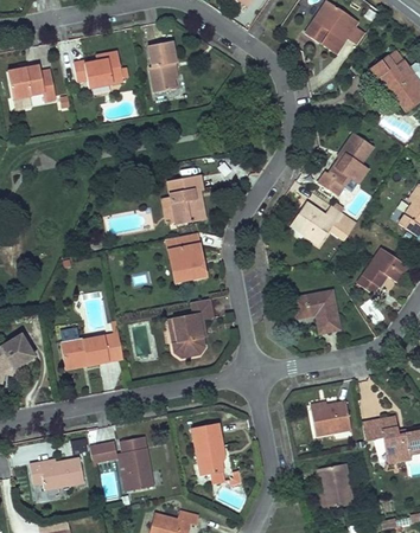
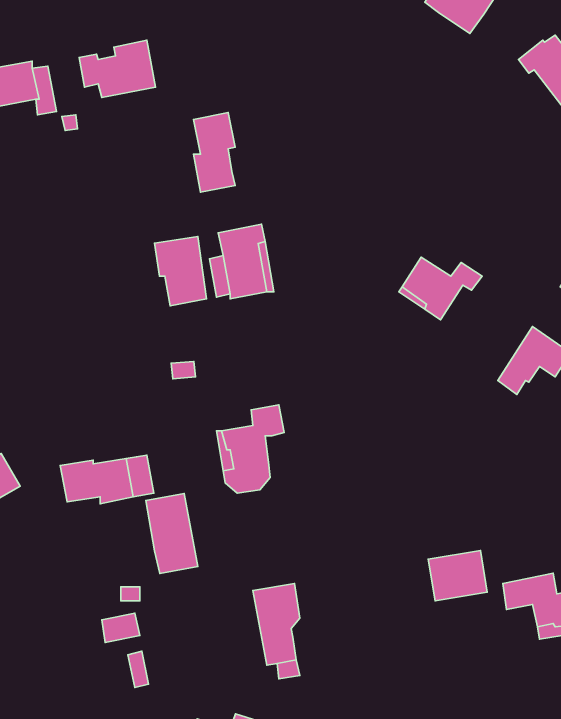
building: [149,41,178,96] -> [194,112,235,192]
building: [319,133,375,194] -> none
building: [166,236,202,283] -> [154,236,206,306]
building: [294,290,339,332] -> none
building: [119,437,154,492] -> [146,494,198,573]
building: [26,456,82,488] -> none
building: [316,461,351,507] -> none

